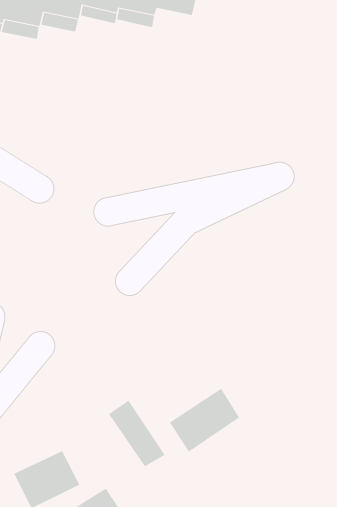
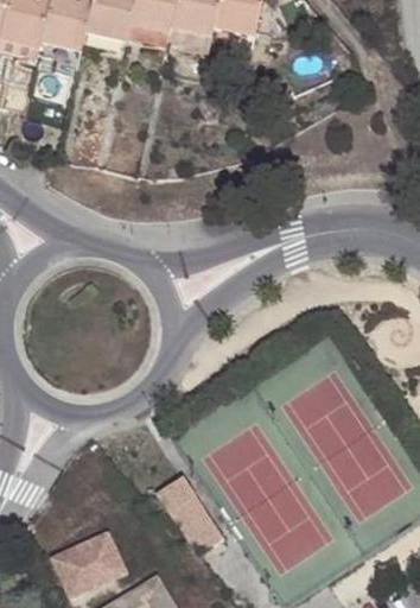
building: [169,388,240,452] -> none

